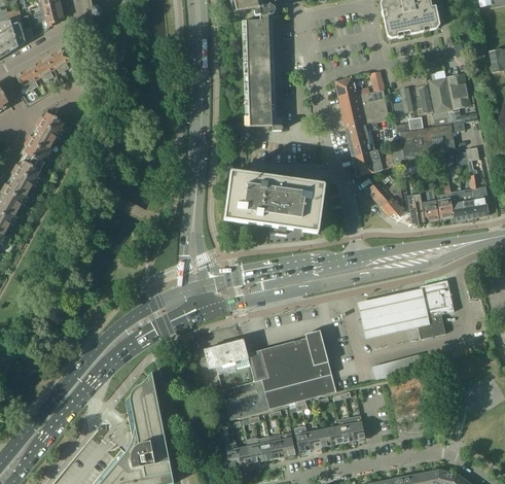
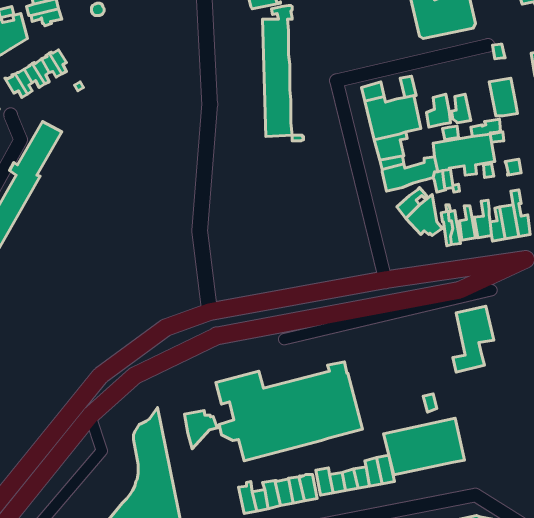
building: [430,77,455,113] -> none
building: [223,170,325,234] -> none
building: [356,285,429,337] -> [384,418,464,475]
building: none -> [185,410,217,449]

